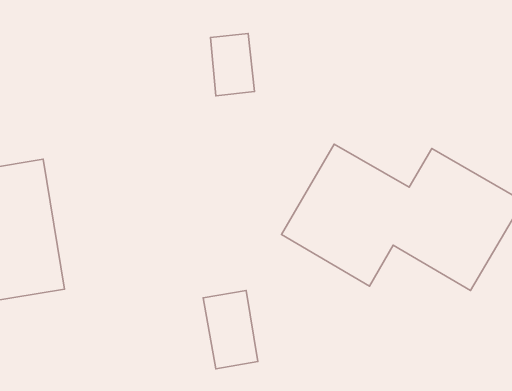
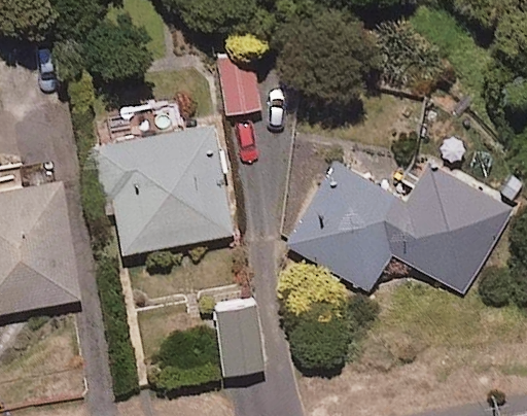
building: none -> [97,123,232,255]

